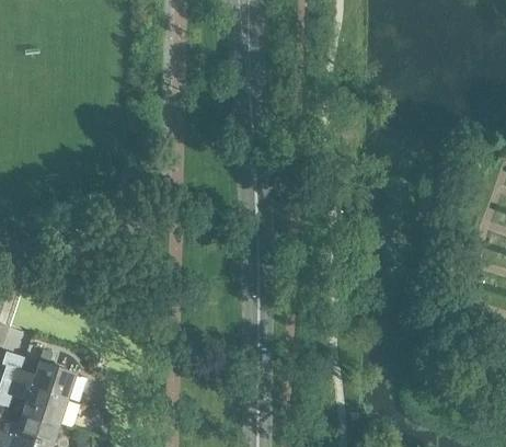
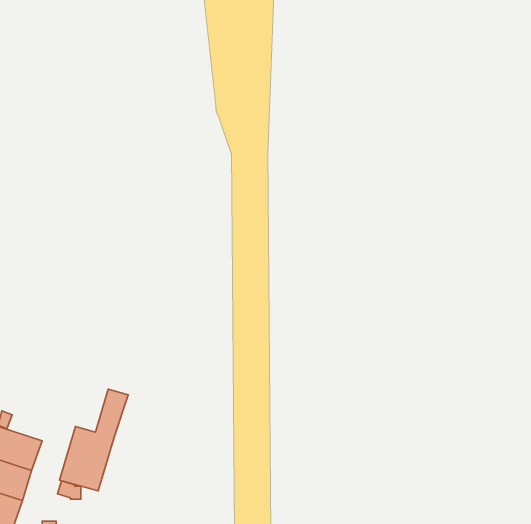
building: none -> [60,389,128,491]

